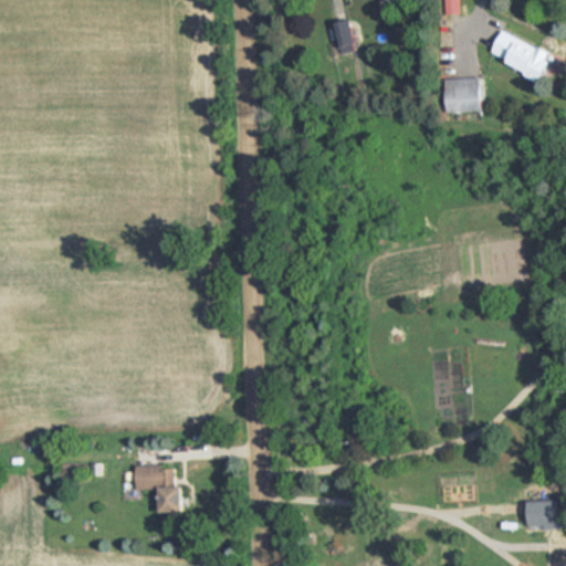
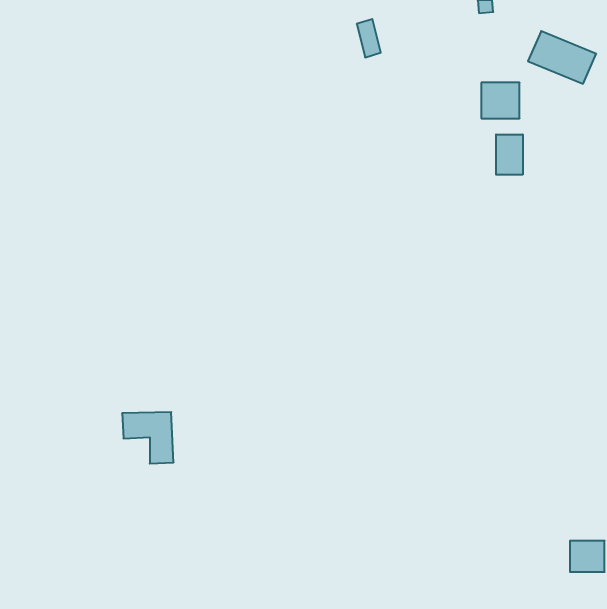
building: none -> [496,134,523,175]
building: [133,465,180,513] -> [122,412,174,464]

